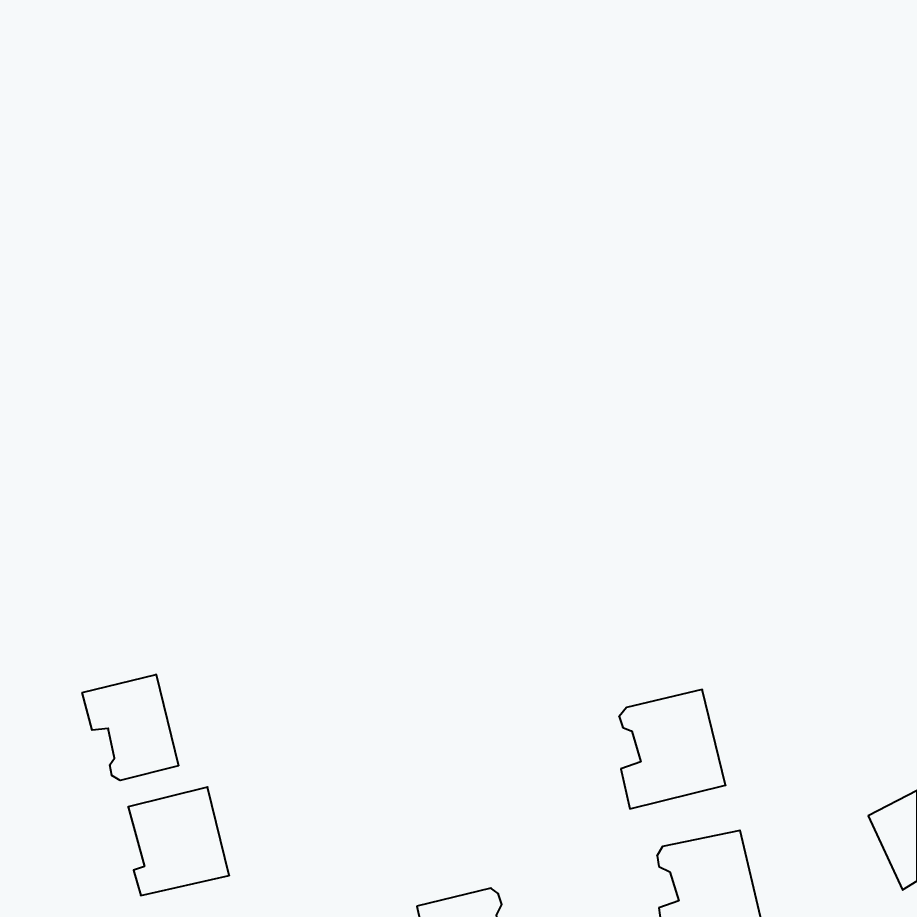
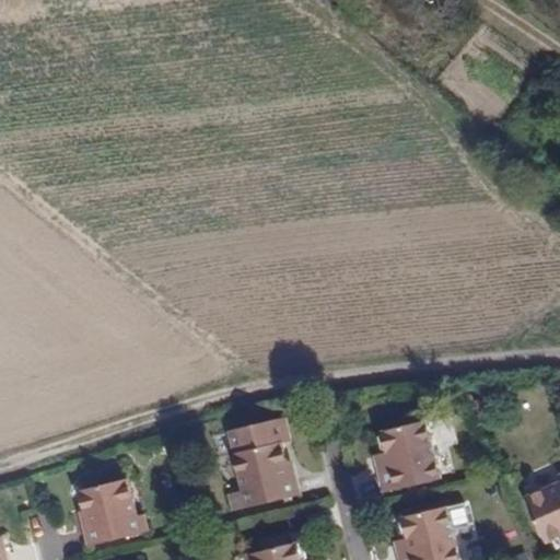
building: [82,674,178,780] -> none
building: none -> [226,417,299,510]

